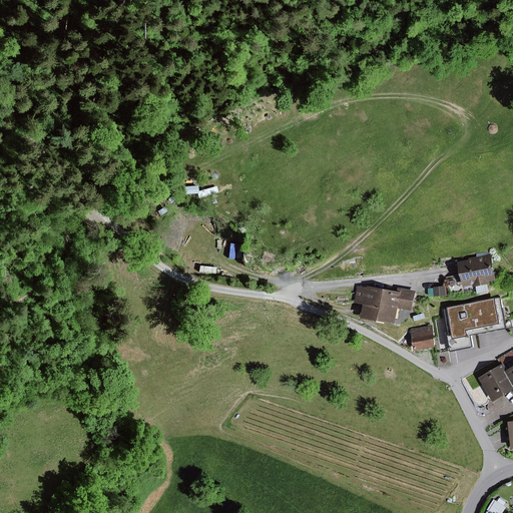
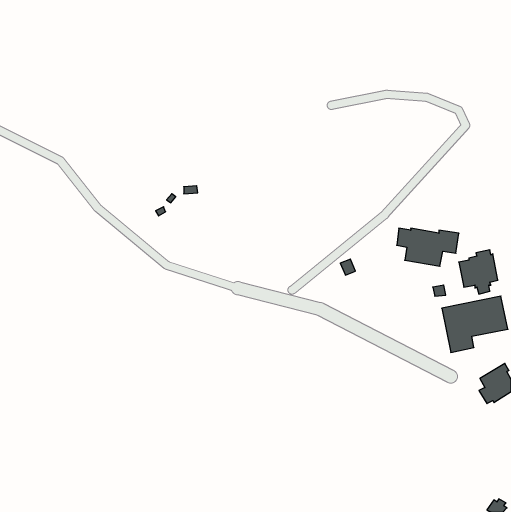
building: [354,286,416,324] -> [397,228,459,266]
building: [410,325,436,351] -> none

